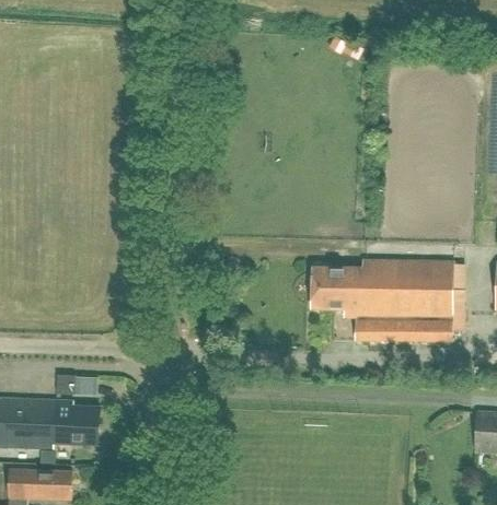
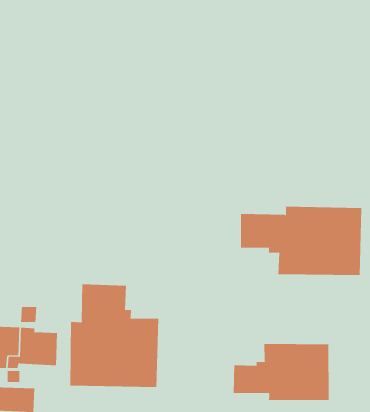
building: none -> [70,284,159,388]
building: none -> [233,343,329,401]

